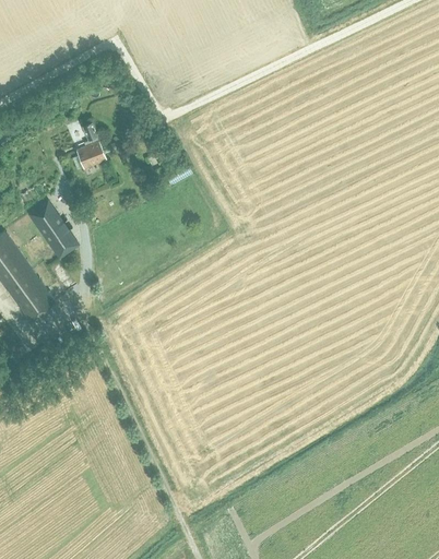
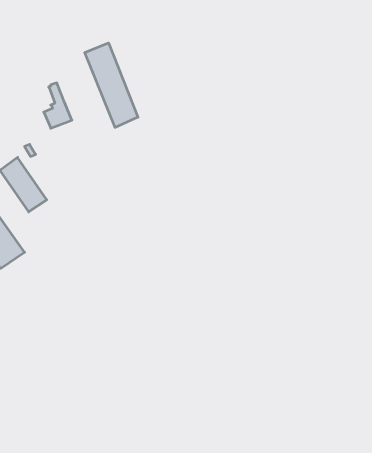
building: none -> [85,43,138,127]

